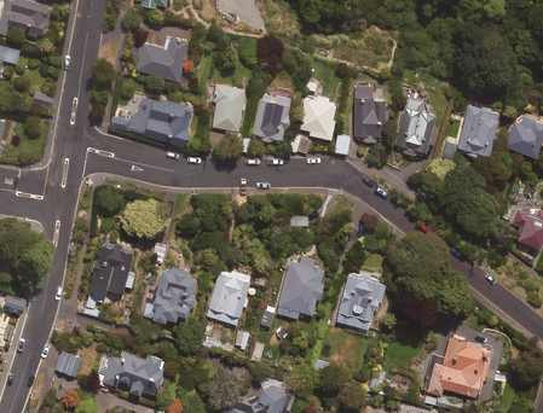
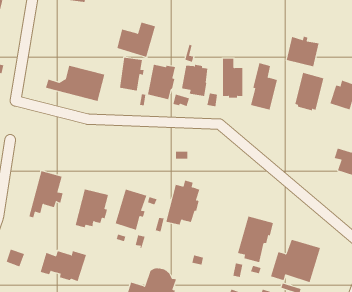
building: [135,33,190,82] -> [116,22,156,58]
building: none -> [286,36,319,67]
building: [335,271,386,336] -> [237,216,274,263]

